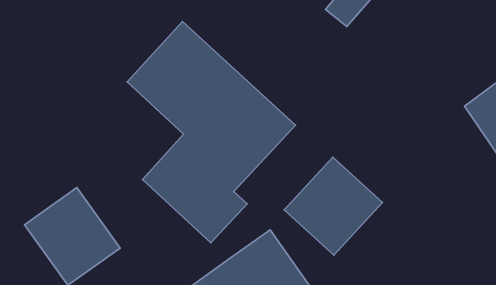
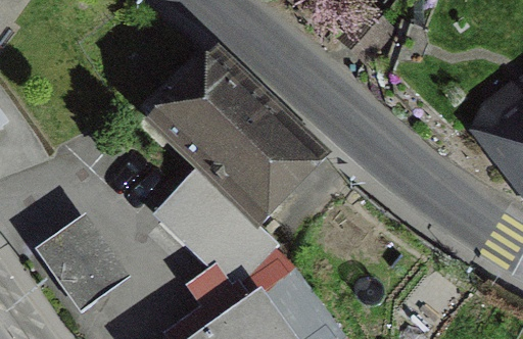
building: [284,157,382,255] -> none

